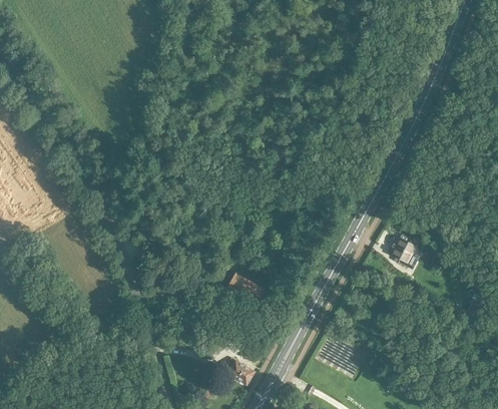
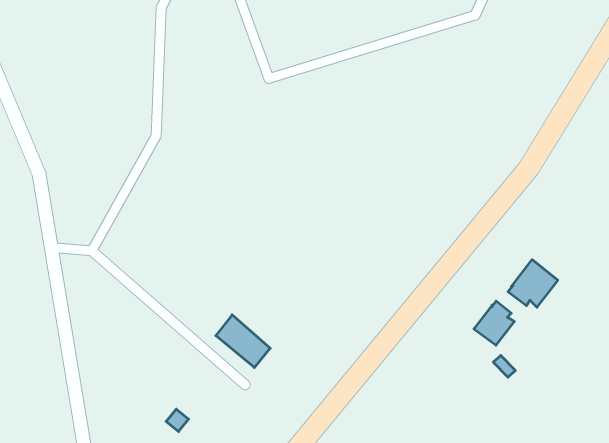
building: none -> [508,260,558,307]

